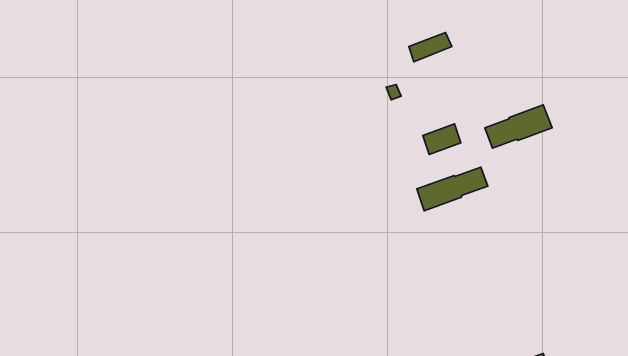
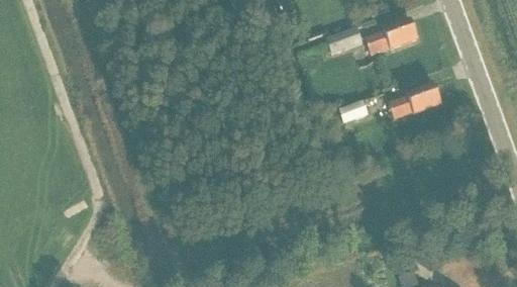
building: none -> [364,20,416,55]
building: [417,167,488,211] -> none

